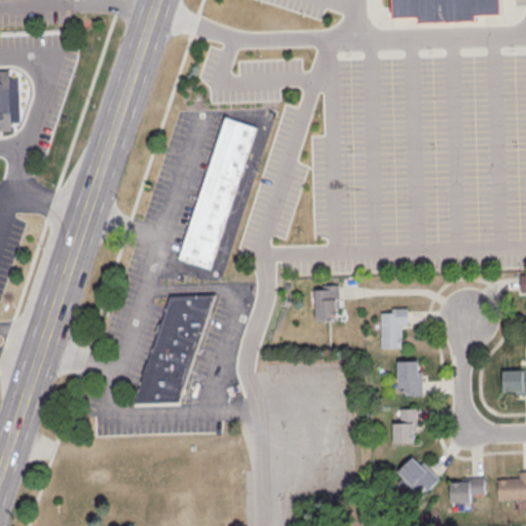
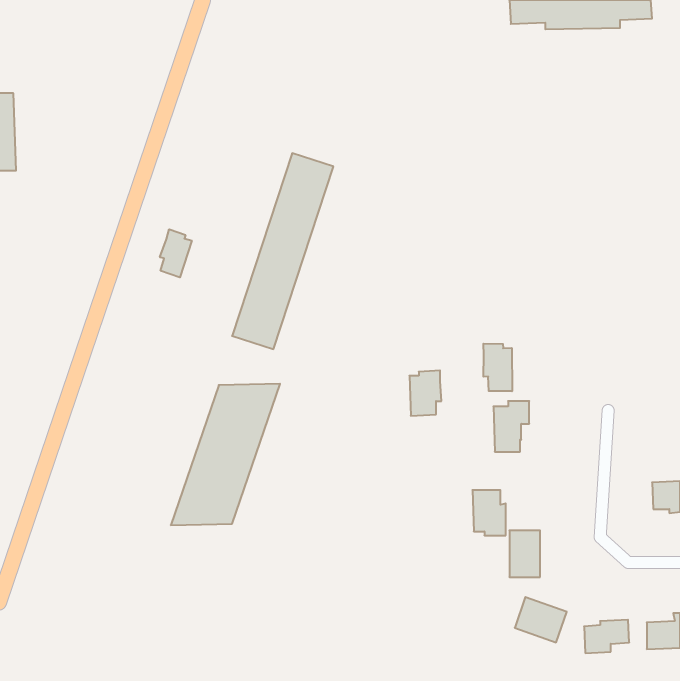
building: none -> [160,229,192,277]
building: none -> [483,344,512,391]
building: [397,362,422,397] -> [472,490,506,535]

